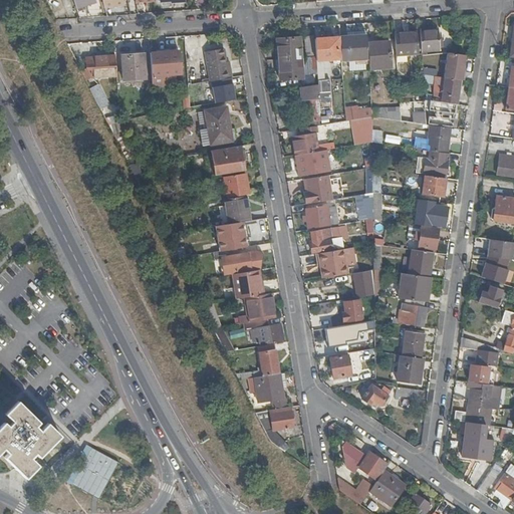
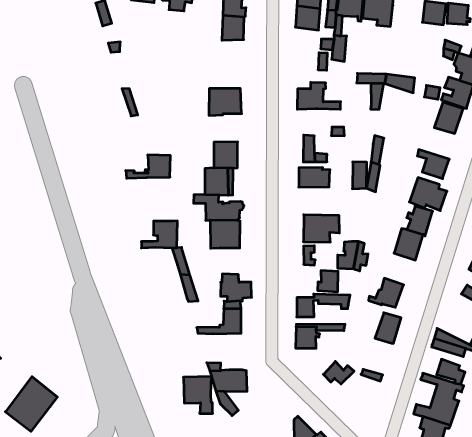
building: [367,41,391,69] -> none
building: [200,106,231,145] -> none
building: [419,149,449,176] -> none
building: [295,151,325,176] -> none
building: [206,173,248,201] -> [126,155,170,178]
building: [310,227,343,252] -> none
building: [399,272,430,301] -> none
building: [238,292,272,323] -> [141,221,177,248]
building: [398,354,421,382] -> none
building: [253,372,286,409] -> [183,377,213,413]

